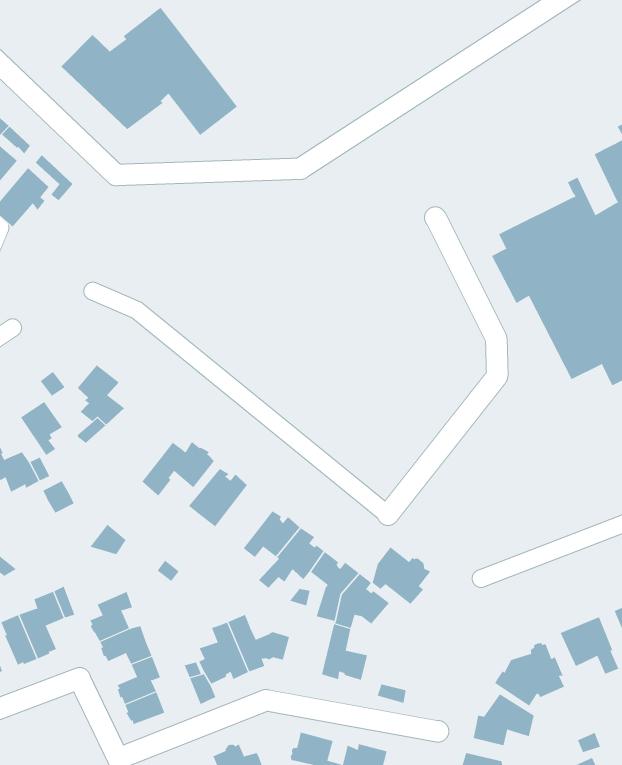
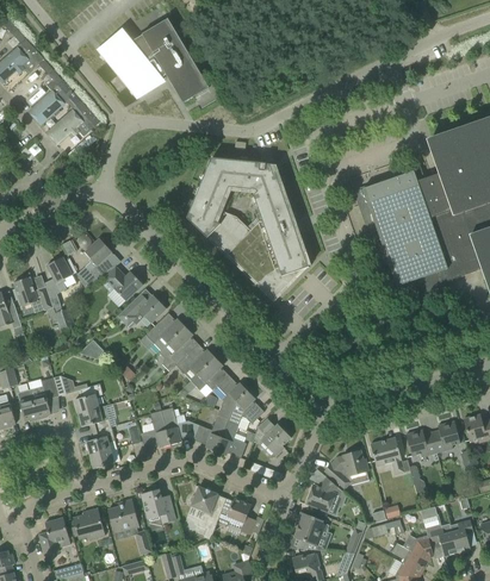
building: none -> [187,157,309,300]
building: none -> [104,267,143,301]
building: none -> [160,326,198,366]
building: [372,547,431,604] -> [253,418,291,456]
building: none -> [193,414,229,451]

